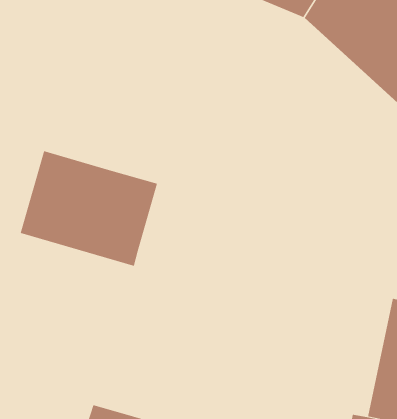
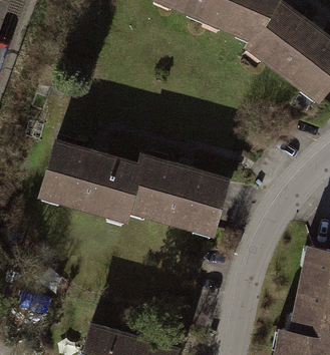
building: none -> [122,151,232,238]

